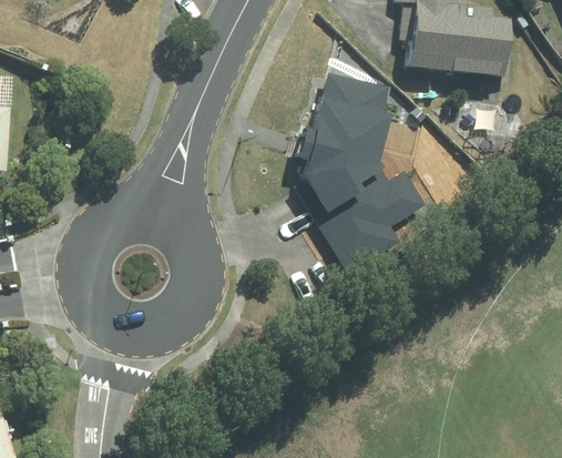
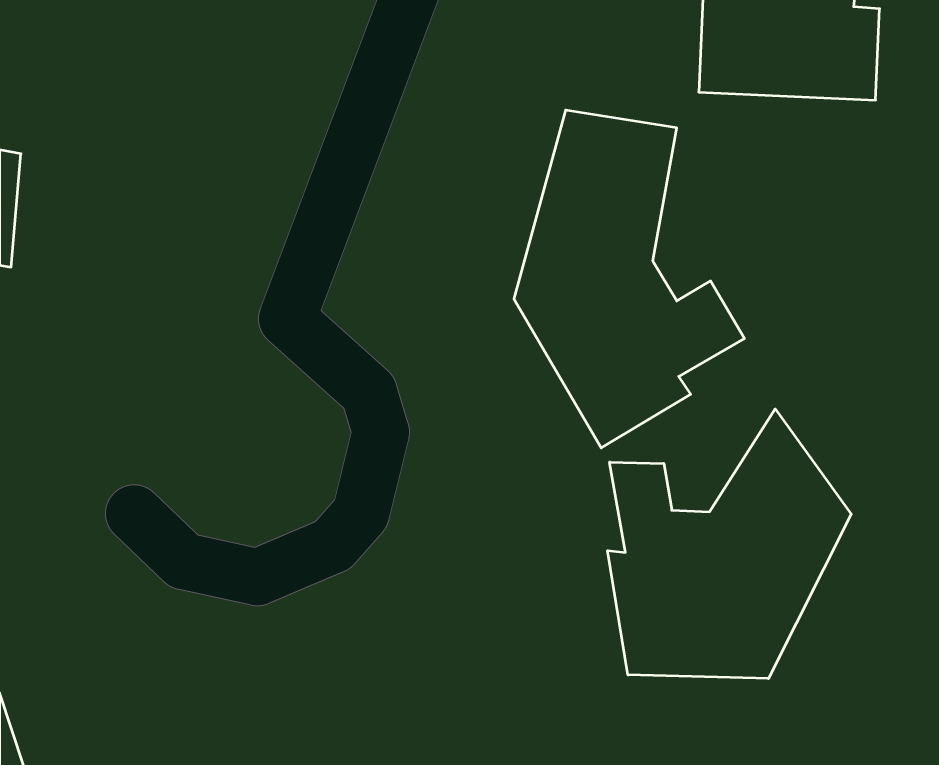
building: none -> [608,409,851,679]

